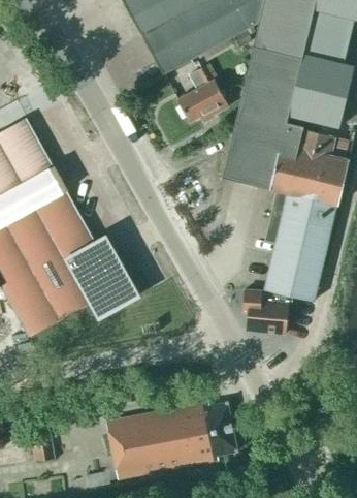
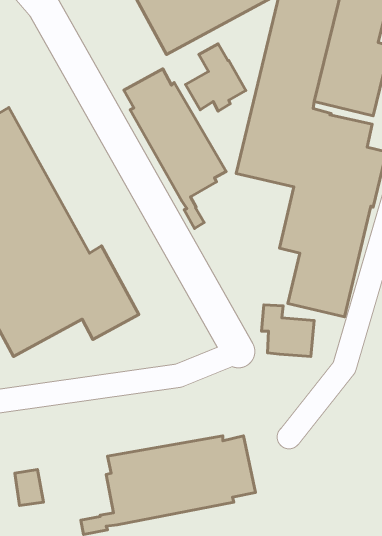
building: none -> [124,69,226,228]

